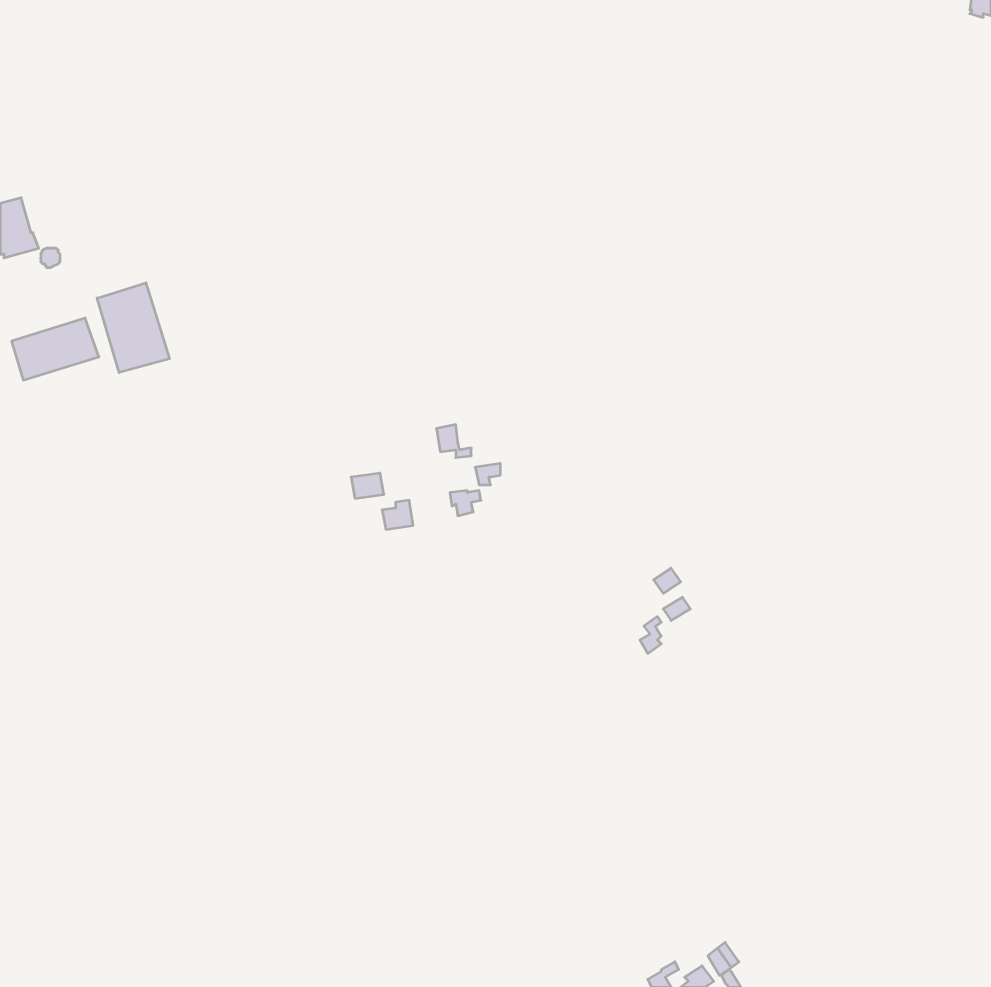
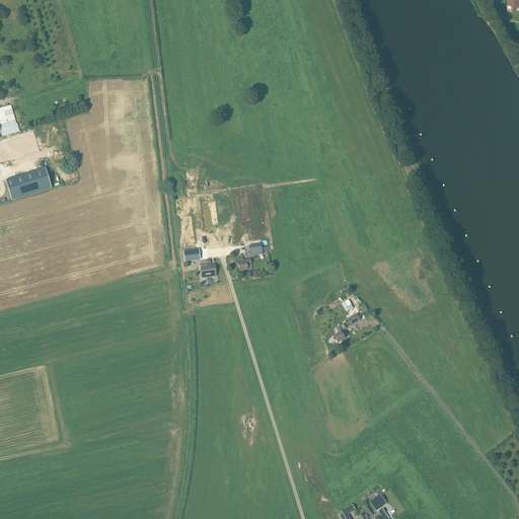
building: [97,283,169,373] -> none

